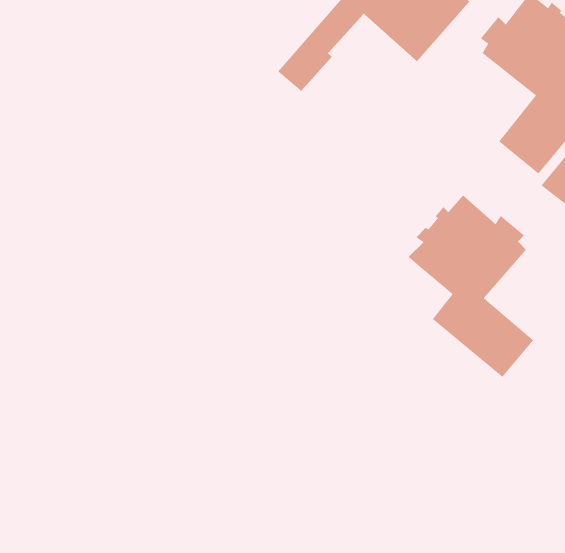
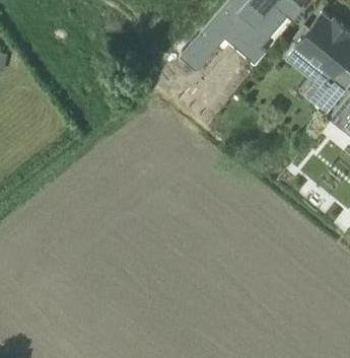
building: [408,194,534,378] -> none

